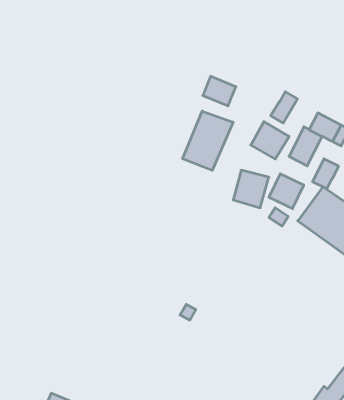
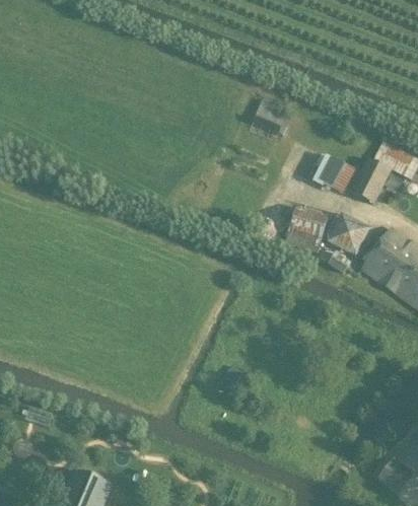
building: [271,92,297,123] -> none
building: [183,111,233,170] -> none
building: [313,159,338,189] -> none

